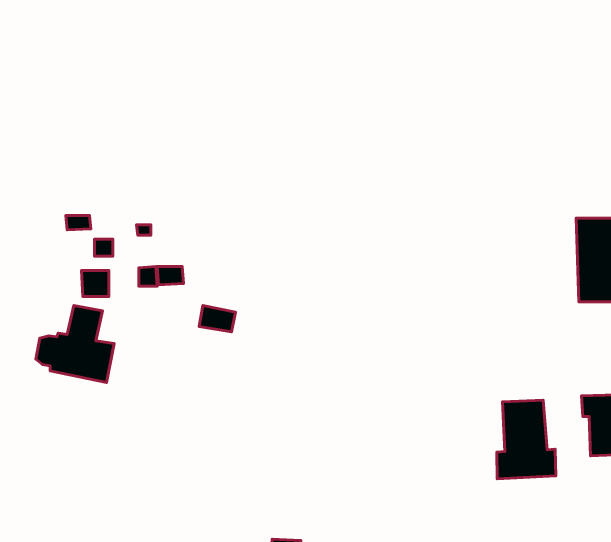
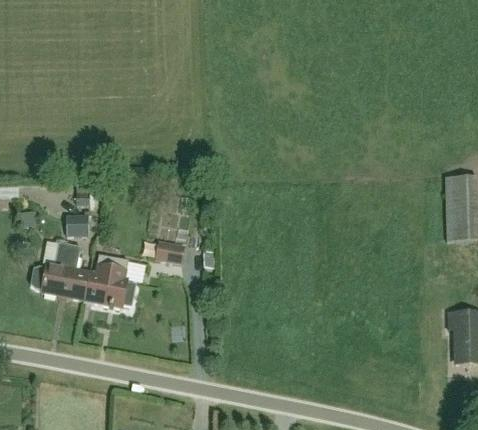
building: none -> [84,255,134,308]
building: [497,400,556,479] -> none

